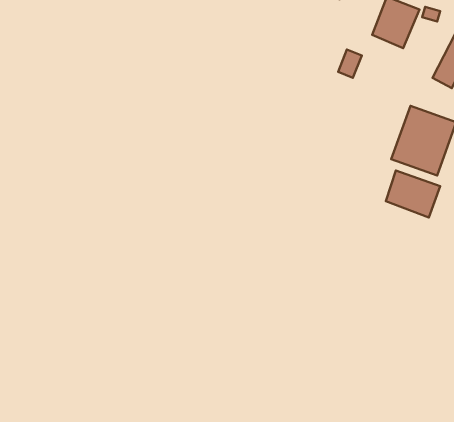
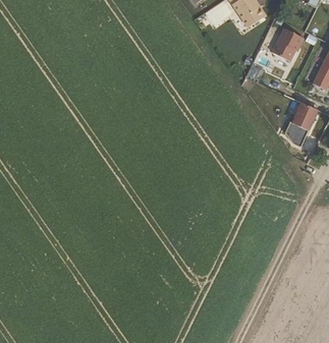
building: [386,171,440,217] -> none

